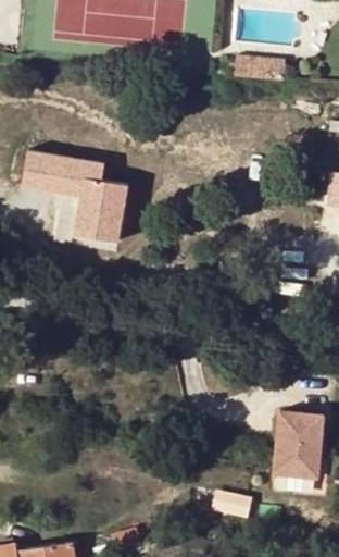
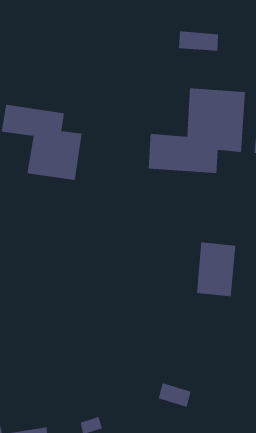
building: none -> [148,87,246,174]
building: [276,413,325,481] -> [196,242,236,297]

